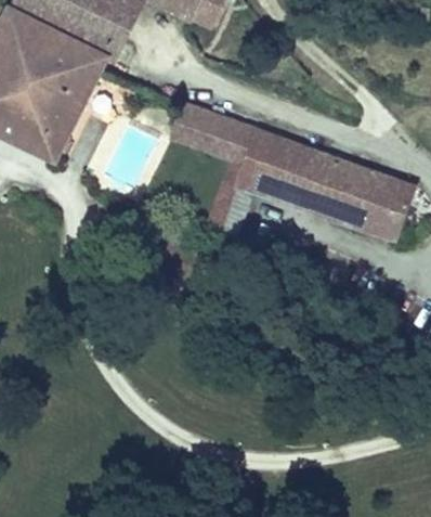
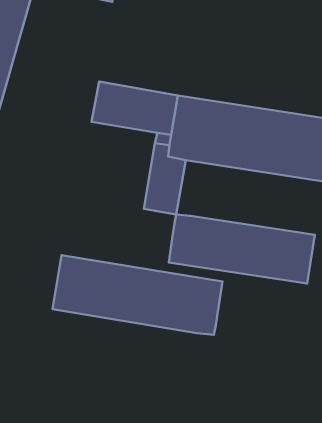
building: none -> [169,215,315,284]
building: none -> [52,255,222,335]

